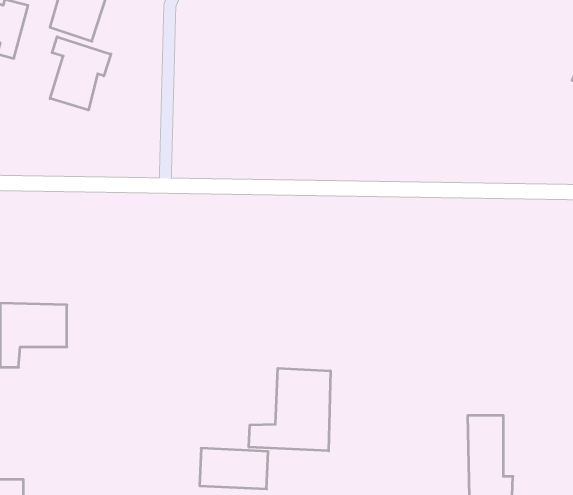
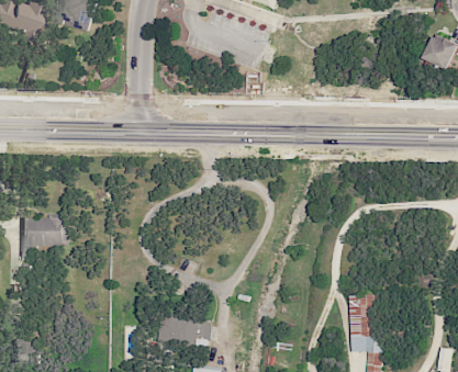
building: [50,37,111,110] -> none
building: [249,368,330,451] -> none

